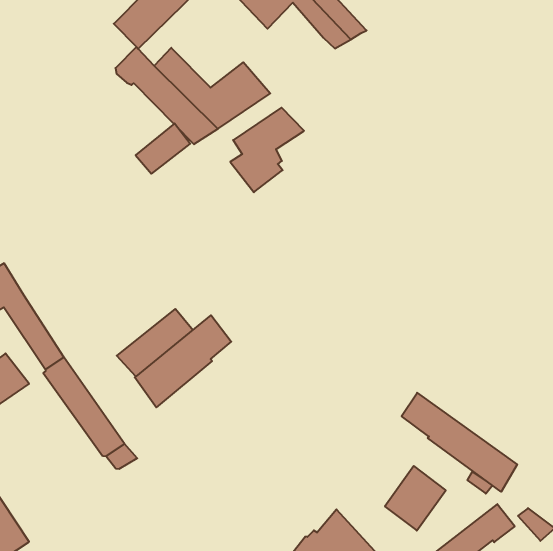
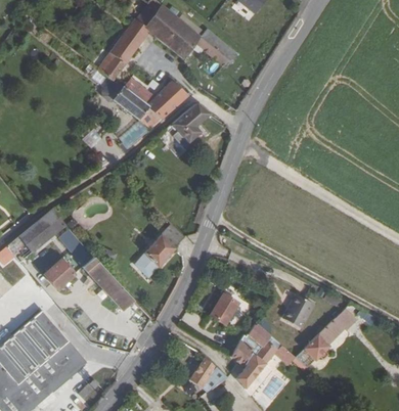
building: [117,309,193,376] -> none
building: [402,393,517,492] -> none
building: none -> [210,292,239,324]

